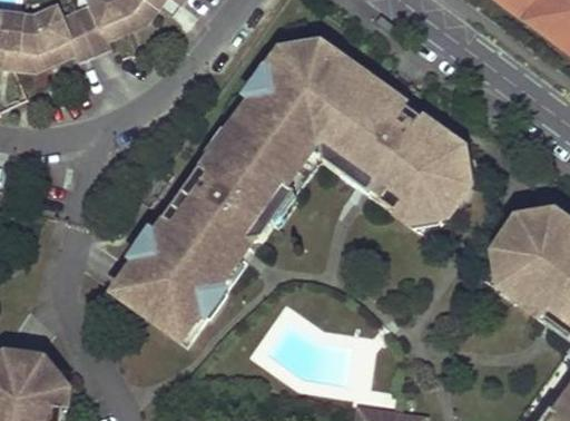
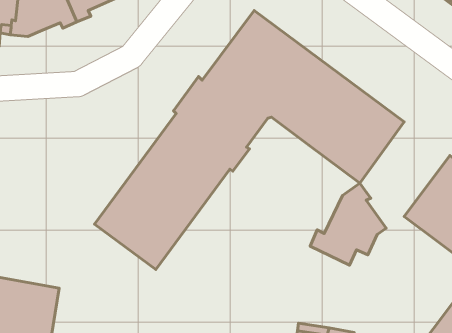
building: none -> [310,183,386,265]

